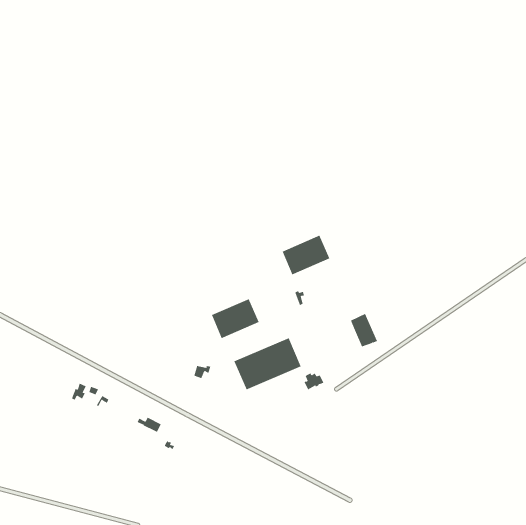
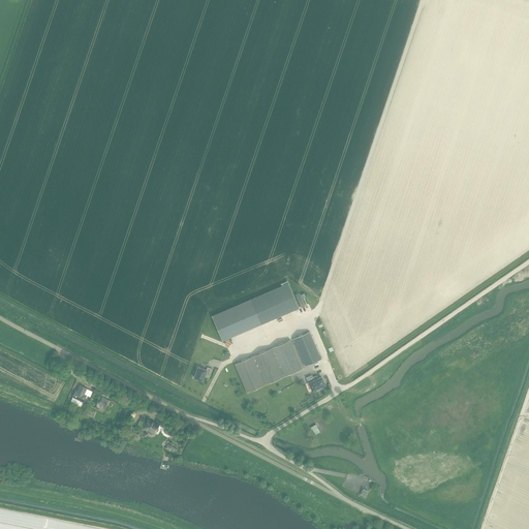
building: [282,235,330,275] -> [250,283,299,323]
building: [350,313,378,347] -> [293,331,321,365]

